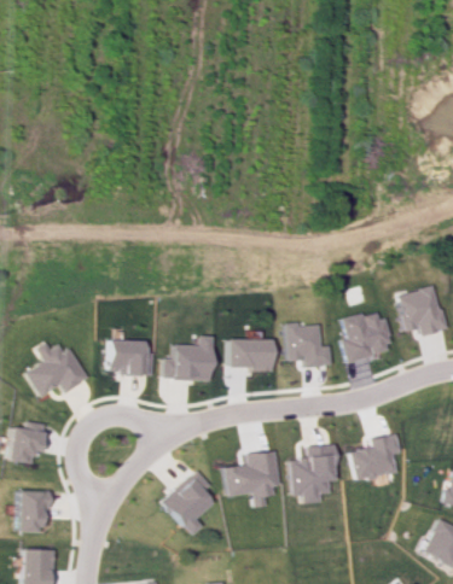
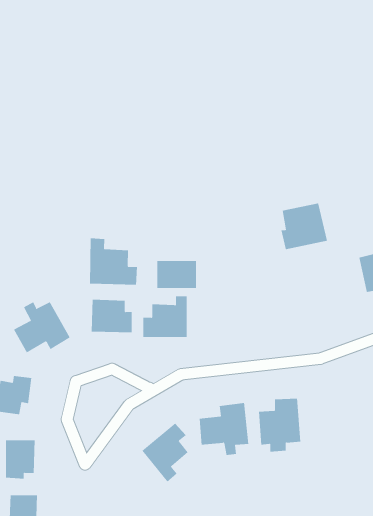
building: none -> [89,238,138,285]
building: [342,310,393,361] -> [281,203,328,250]
building: [286,323,332,367] -> none
building: [230,339,273,369] -> [156,260,197,289]
building: [349,433,400,481] -> none

